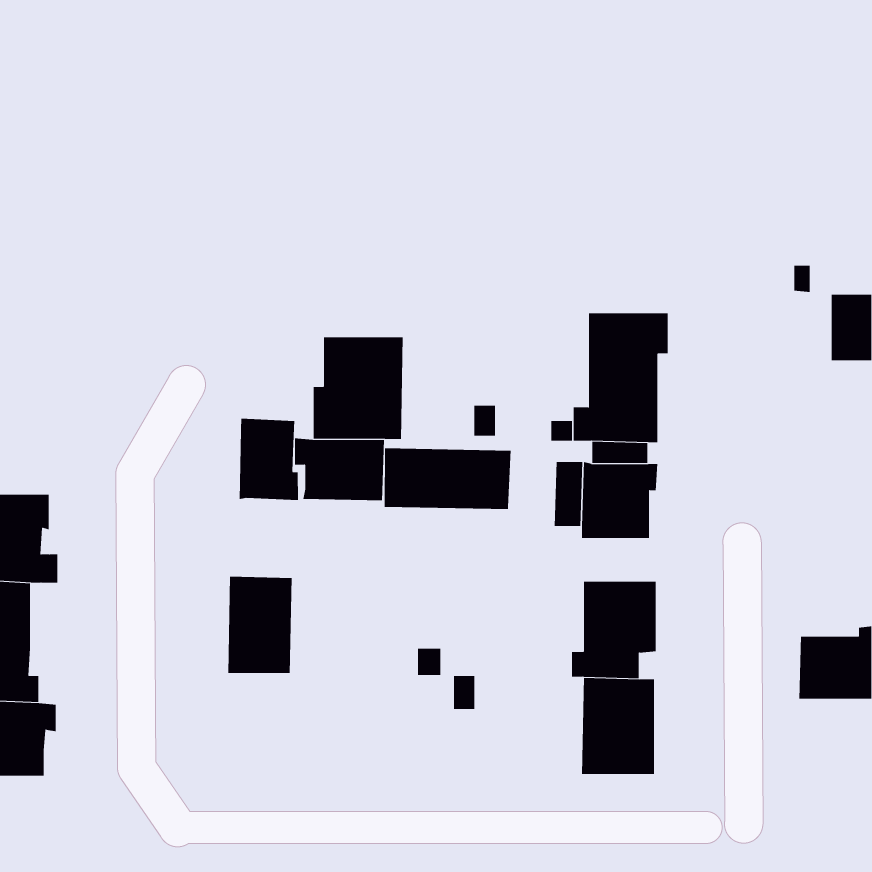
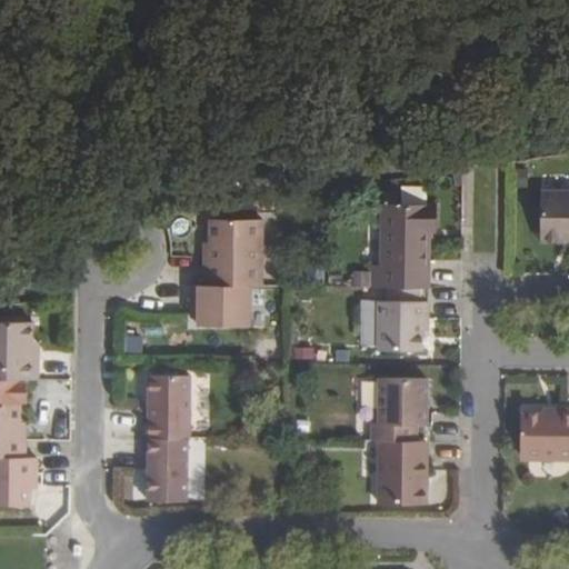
building: [239,418,299,501] -> none
building: [384,448,511,510] -> none
building: none -> [148,439,187,502]

